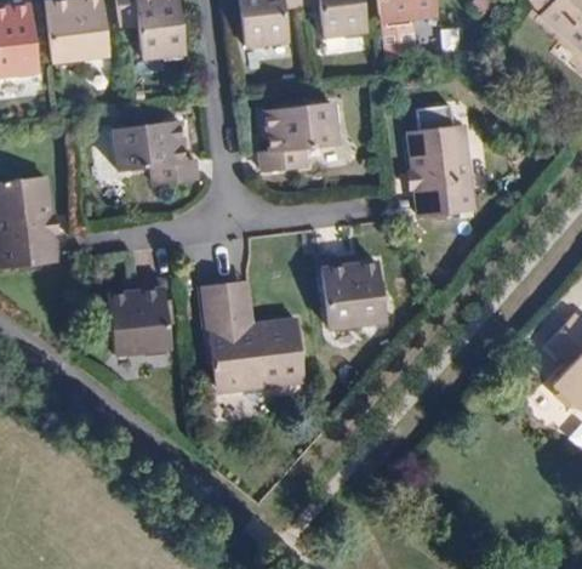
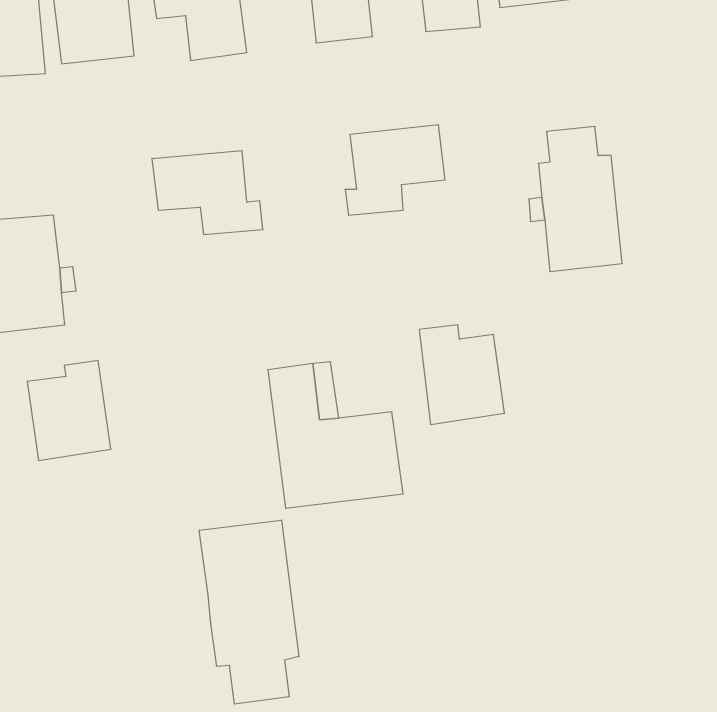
building: [108,281,171,357] -> [27,361,111,460]
building: none -> [199,520,299,704]

